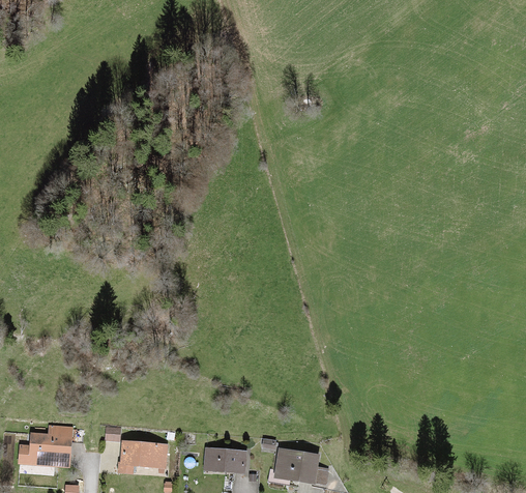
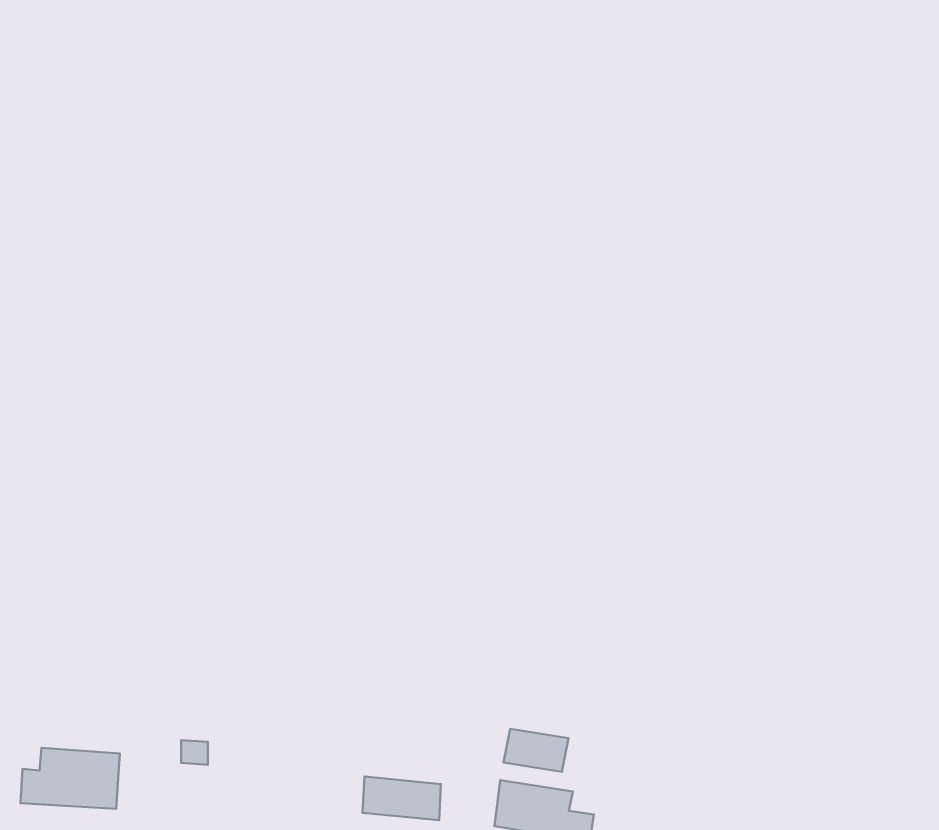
building: none -> [504,729,569,772]
building: [120,440,170,472] -> none

